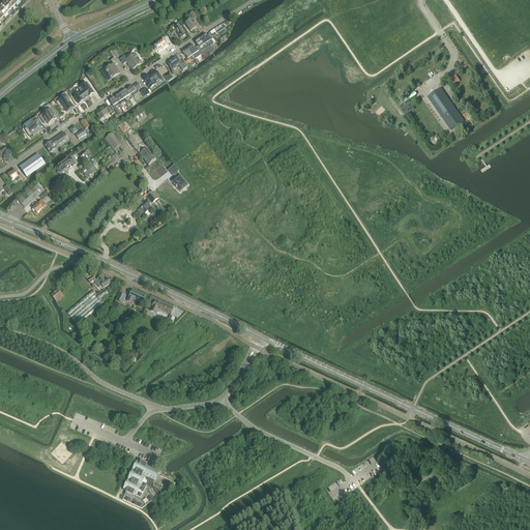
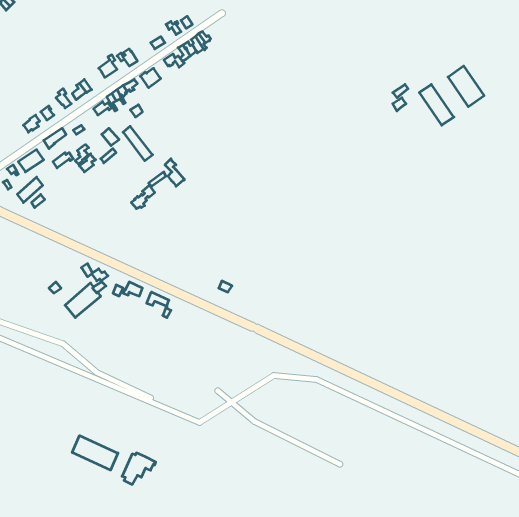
building: none -> [448,66,484,107]
building: none -> [72,436,118,470]

